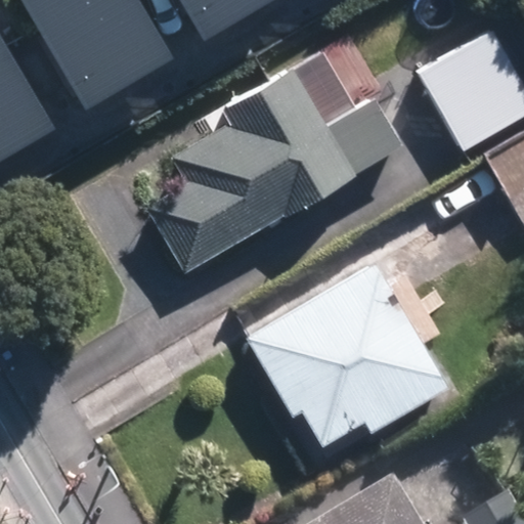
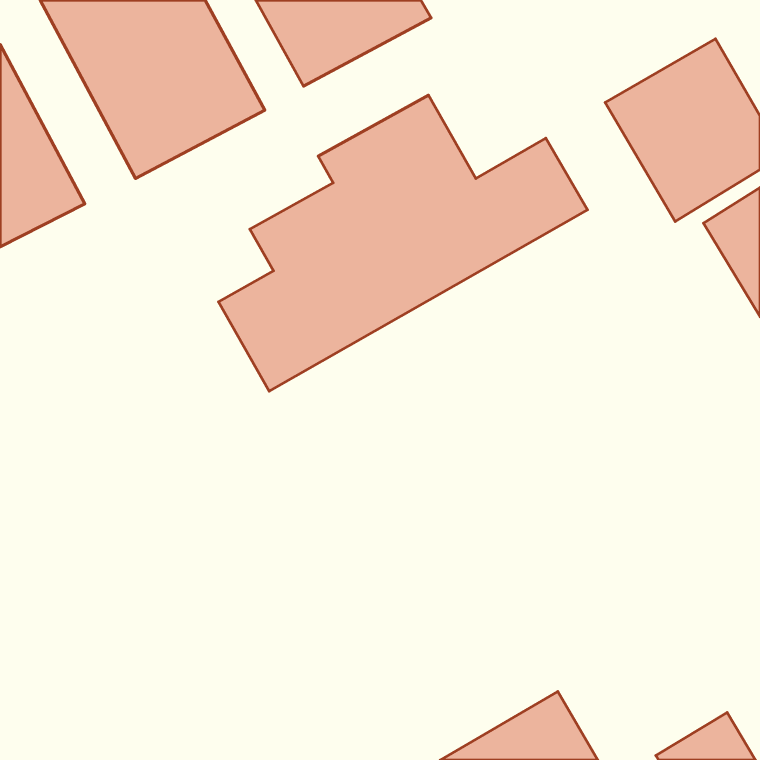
building: [244,260,450,447] -> none

